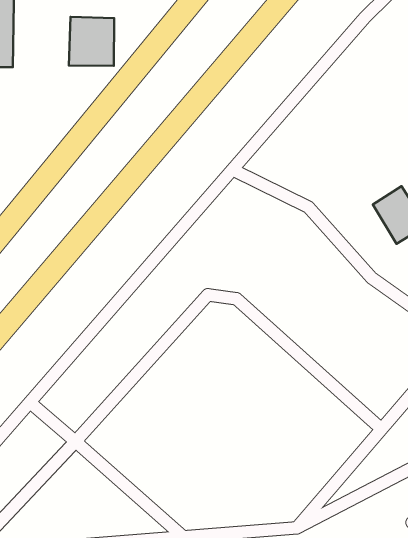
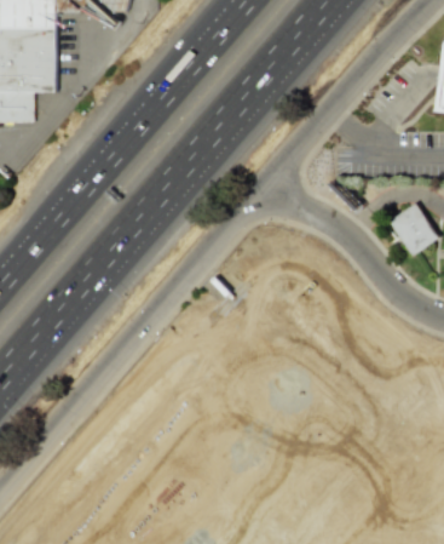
building: [69,17,114,66] -> none

